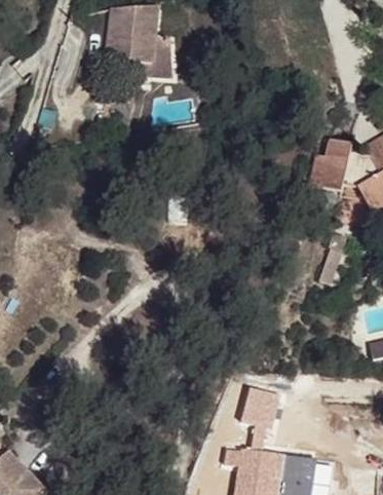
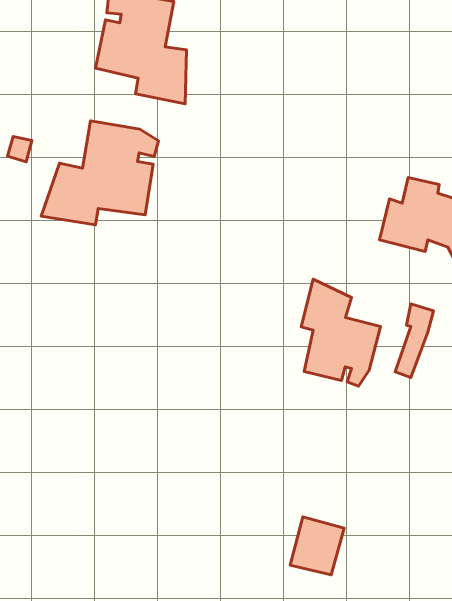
building: none -> [41,121,159,225]
building: none -> [301,279,381,386]

